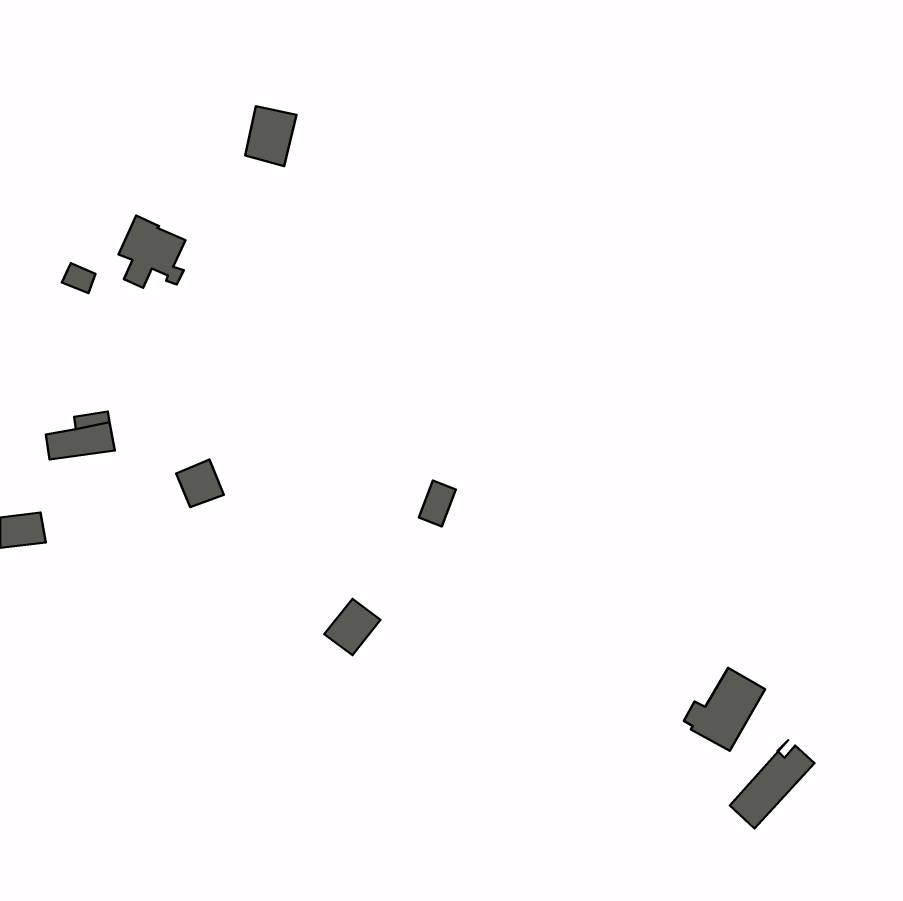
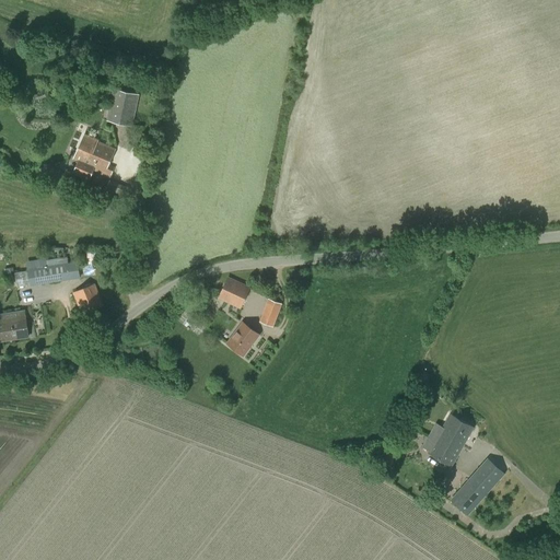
building: [245,106,296,166] -> [107,89,139,126]
building: none -> [218,277,249,307]
building: [176,459,224,507] -> [73,283,103,313]
building: [324,599,381,655] -> [225,320,260,355]

